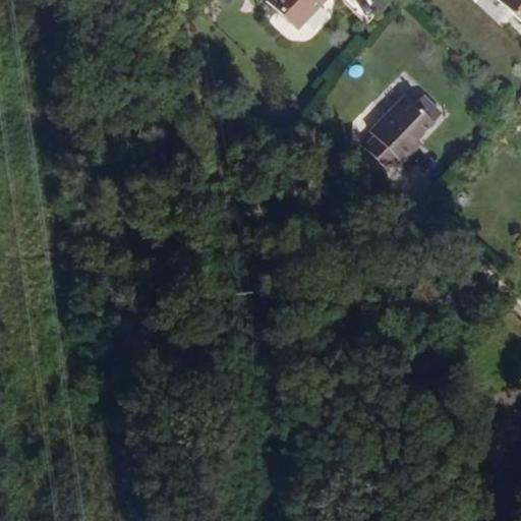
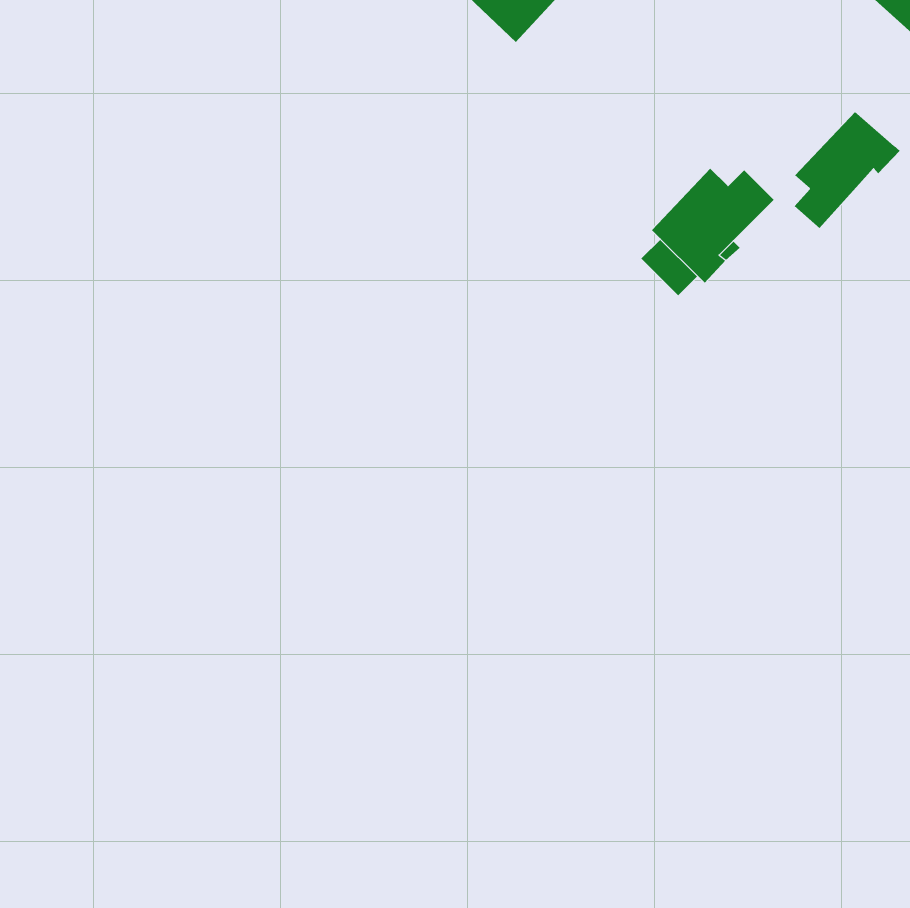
building: none -> [794,111,901,229]

